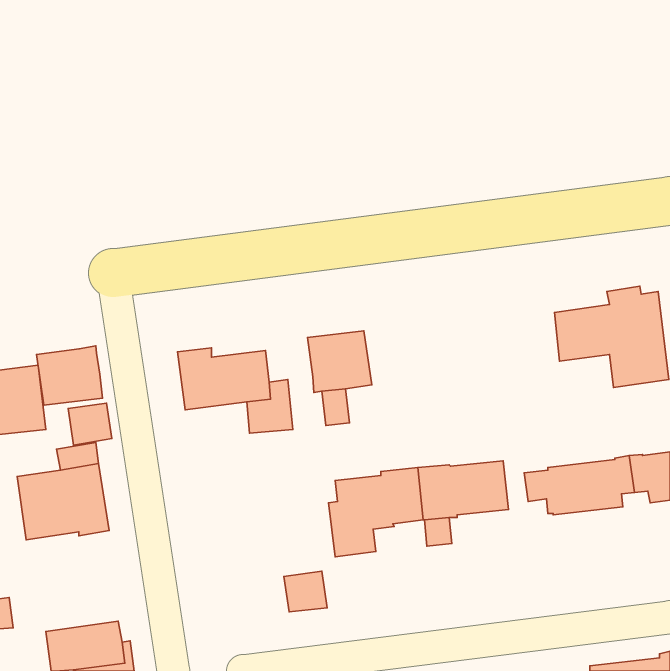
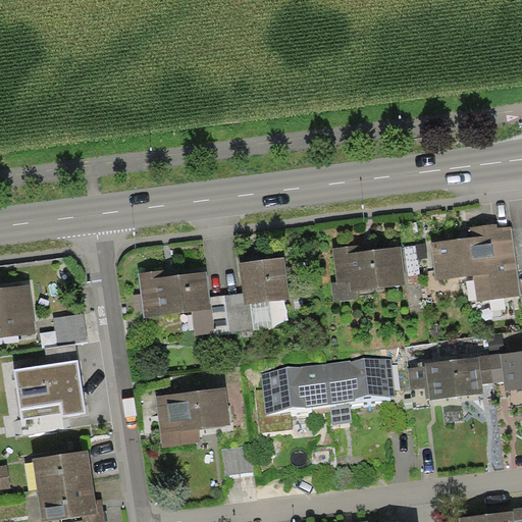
building: none -> [330,245,405,303]
building: [37,346,102,405] -> none
building: none -> [223,293,253,333]
building: none -> [155,387,229,447]
building: none -> [32,451,92,490]

